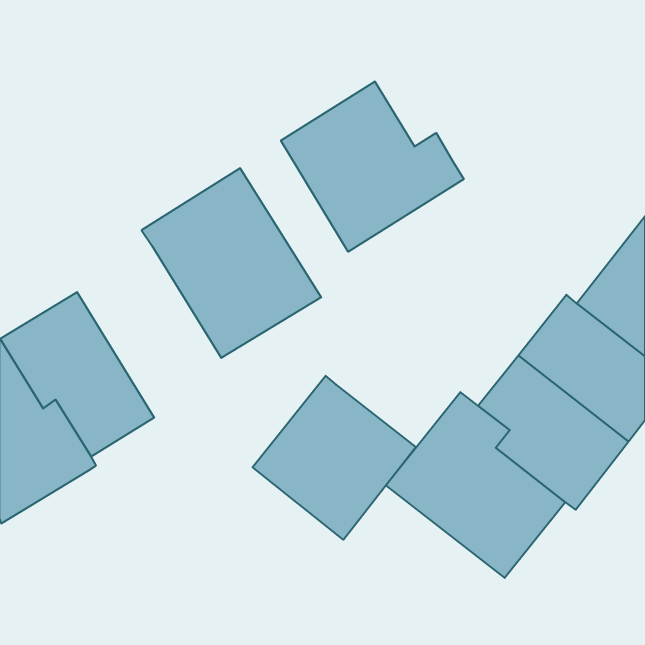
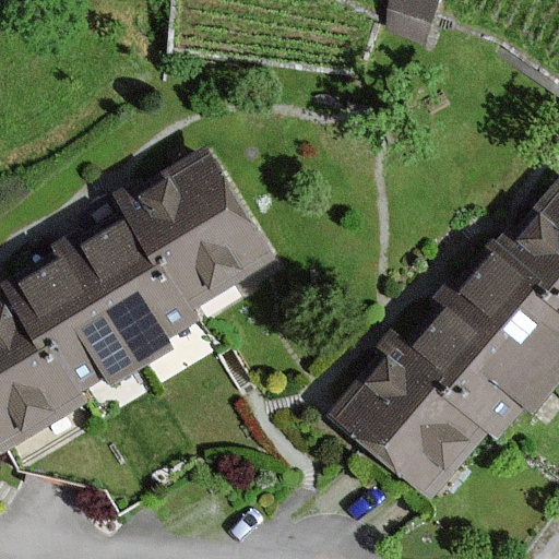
building: [281,81,464,252] -> none
building: none -> [67,213,198,361]
building: [253,376,416,540] -> none

